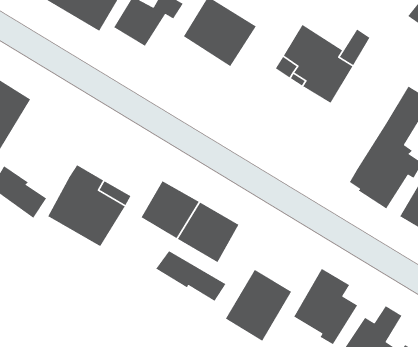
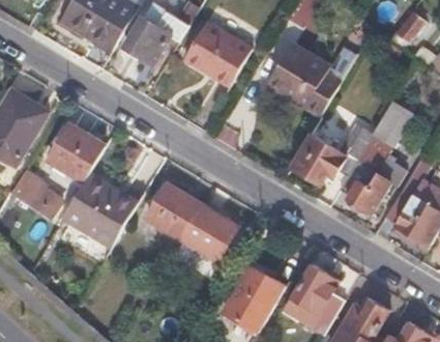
building: none -> [290,122,370,183]
building: none -> [48,124,105,182]
building: [155,250,226,302] -> none

